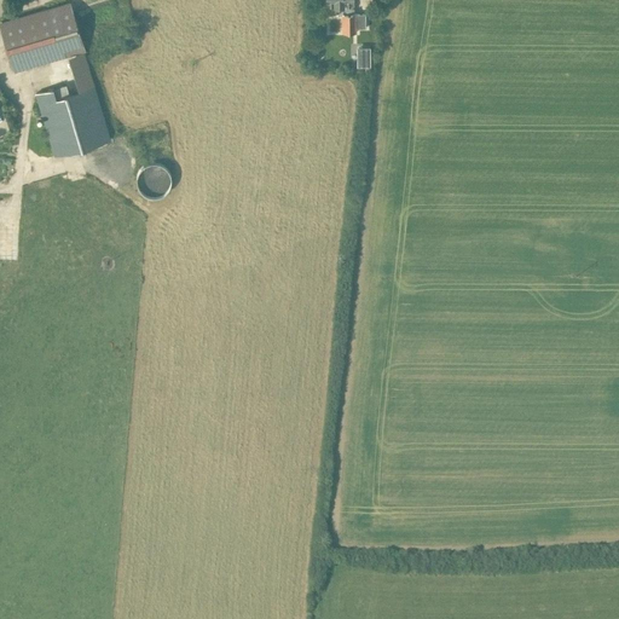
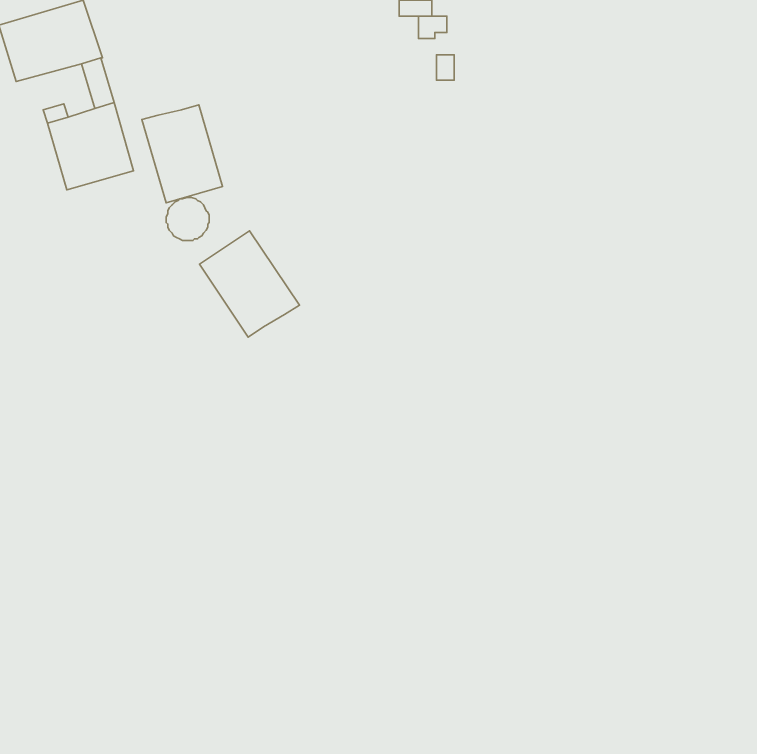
building: none -> [142,105,223,203]
building: none -> [199,231,299,337]

